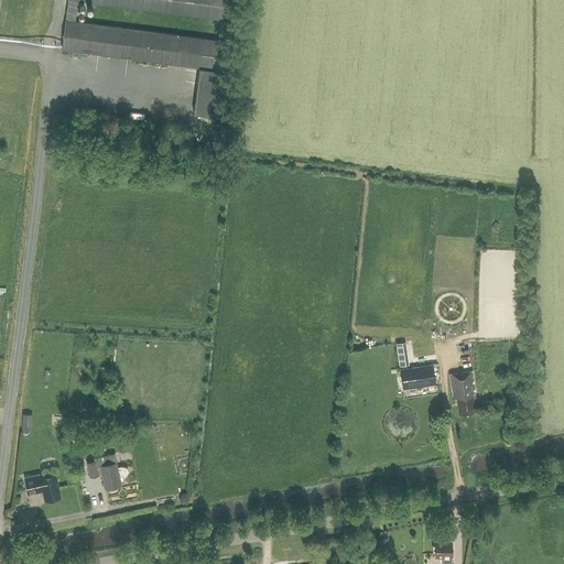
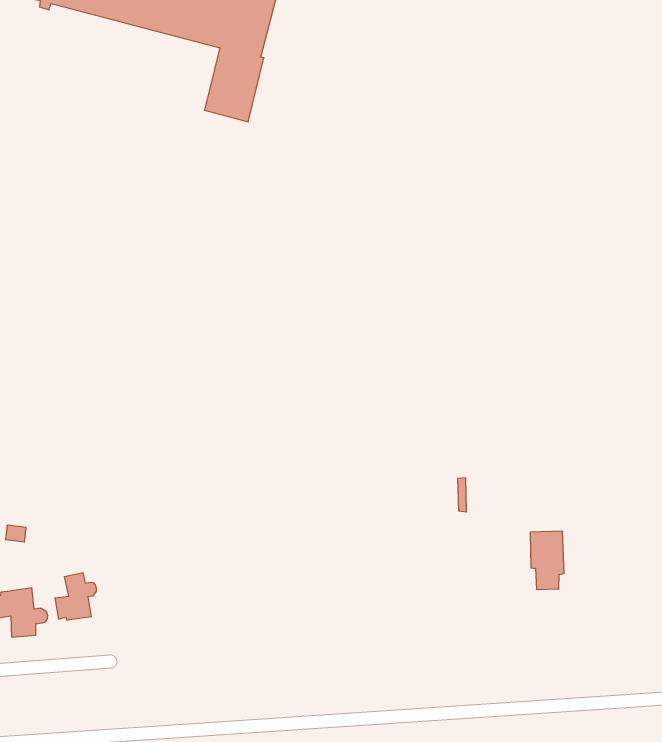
building: [399,367,435,391] -> none
building: none -> [55,573,96,620]

